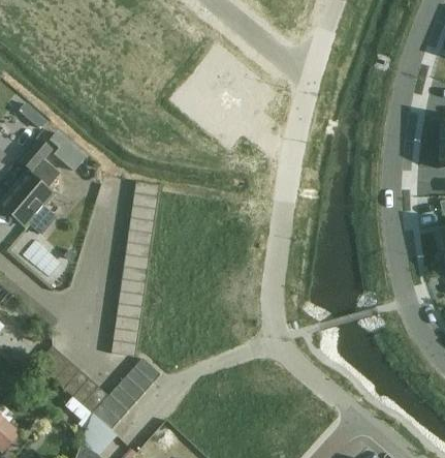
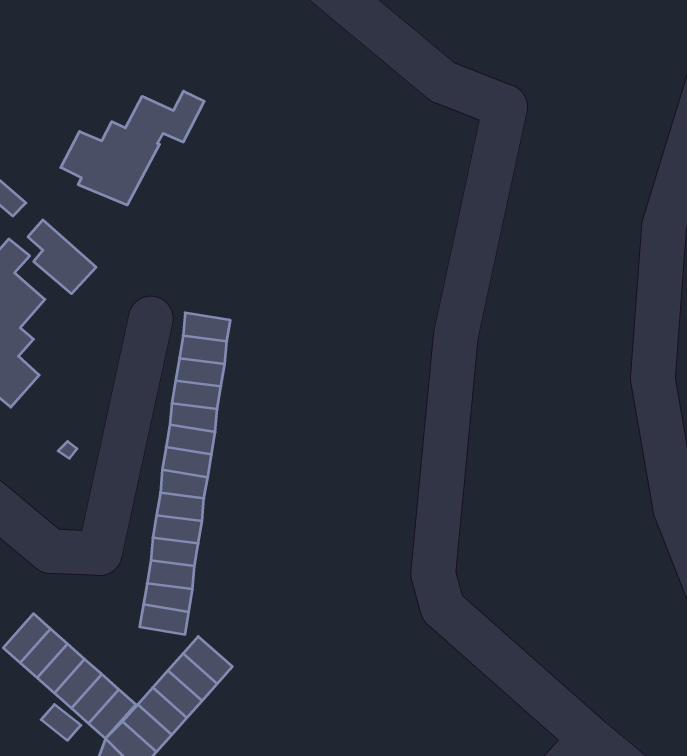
building: none -> [61,91,204,205]

